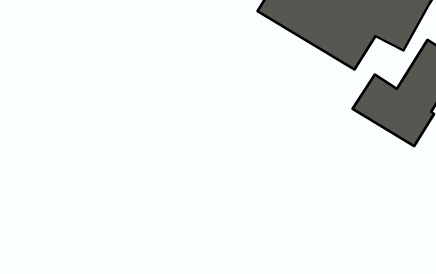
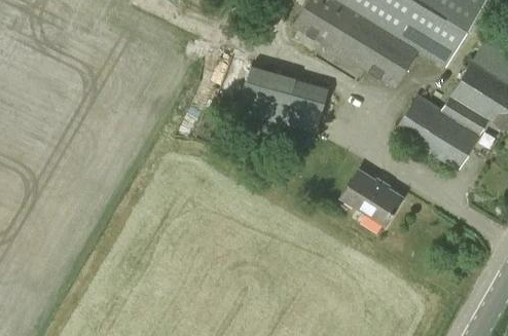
building: none -> [241,66,329,133]
building: none -> [341,170,403,225]

